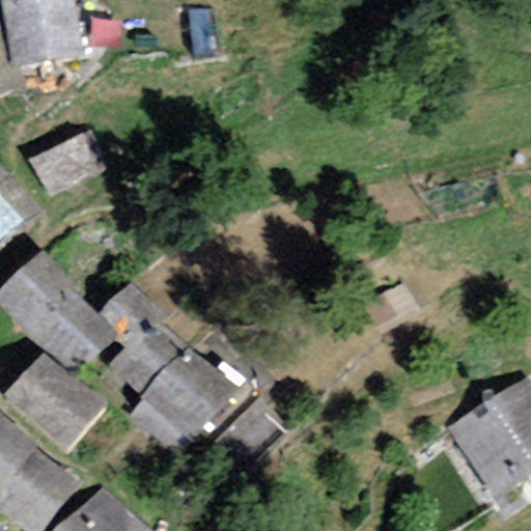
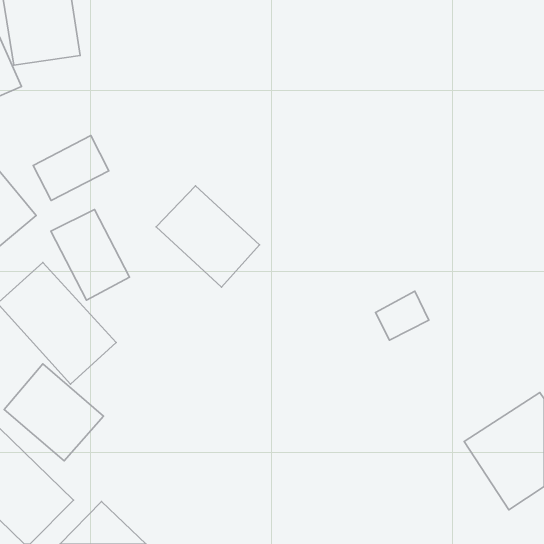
building: none -> [156,186,259,287]
building: none -> [51,209,130,300]
building: [99,288,231,439] -> none

